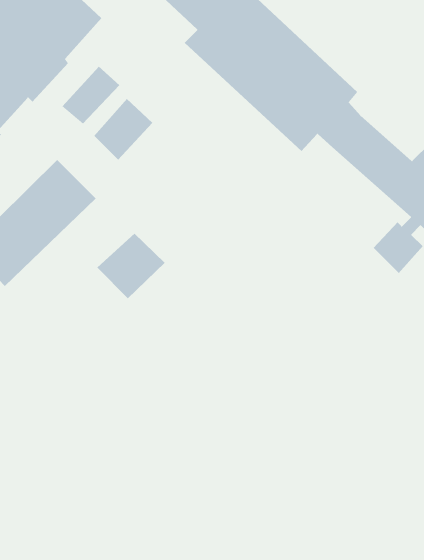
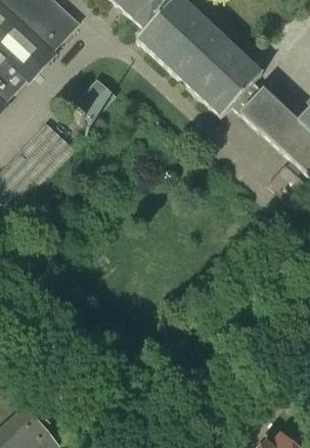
building: [61,66,120,124] -> none
building: [97,233,165,299] -> none

